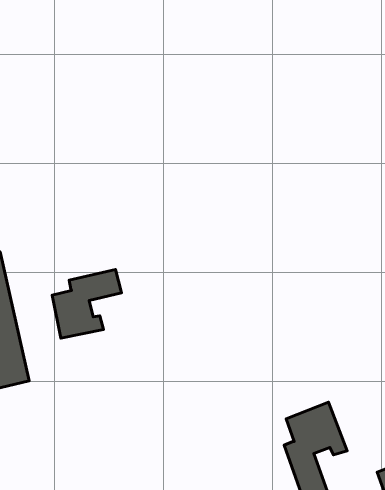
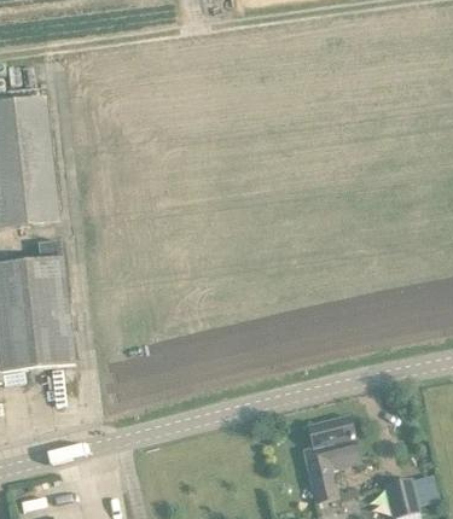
building: [52,269,122,338] -> none

